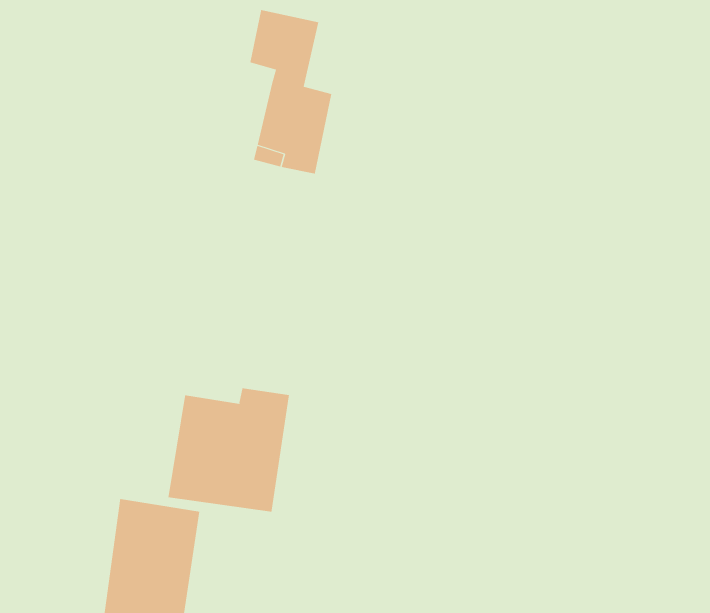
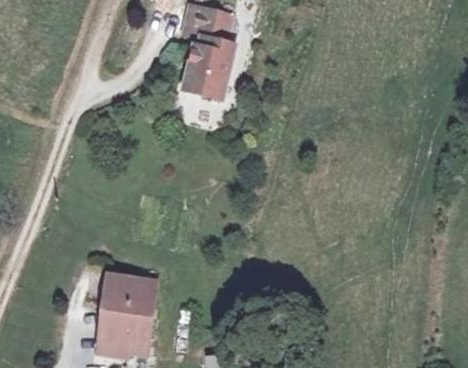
building: [168,388,290,513] -> none

